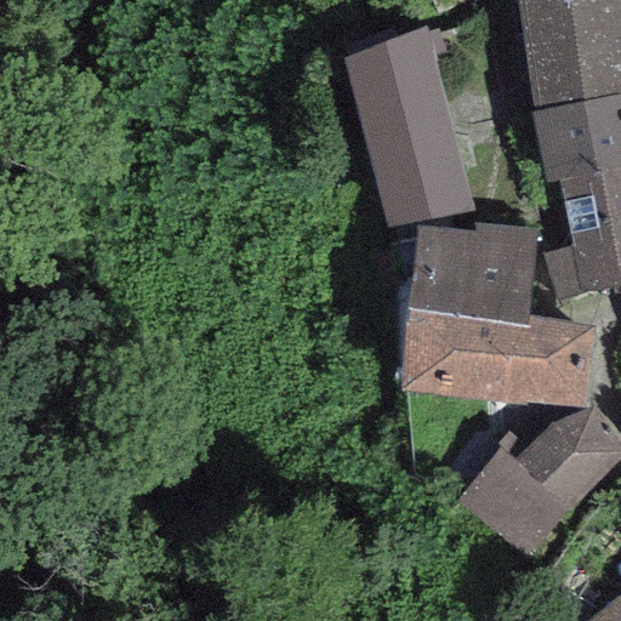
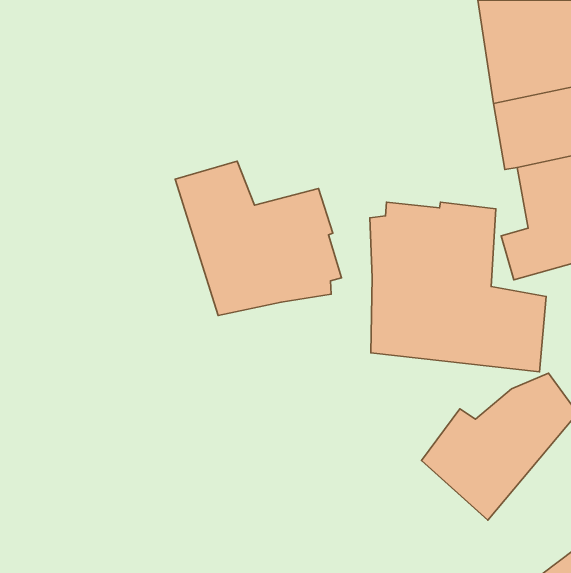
building: [329,32,478,228] -> none
building: none -> [175,161,342,315]

